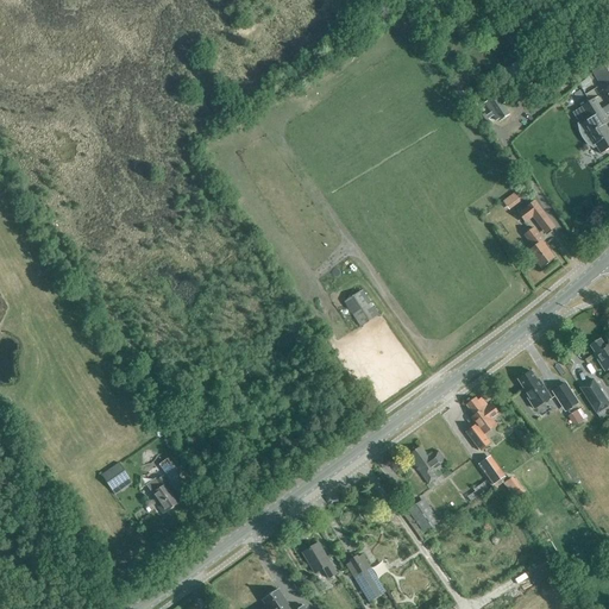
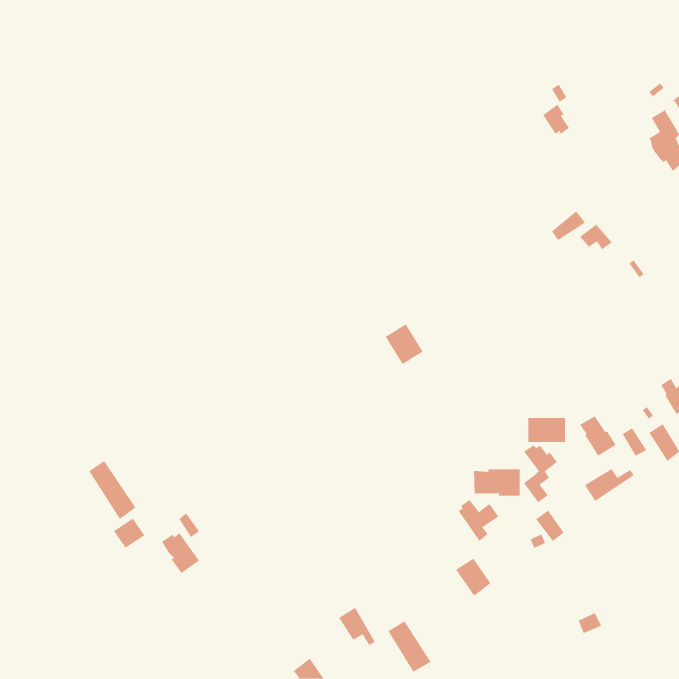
building: [525,227,555,268] -> none
building: none -> [528,417,566,443]
building: none -> [88,460,136,520]
building: none -> [584,468,634,502]
building: none -> [473,468,520,497]

